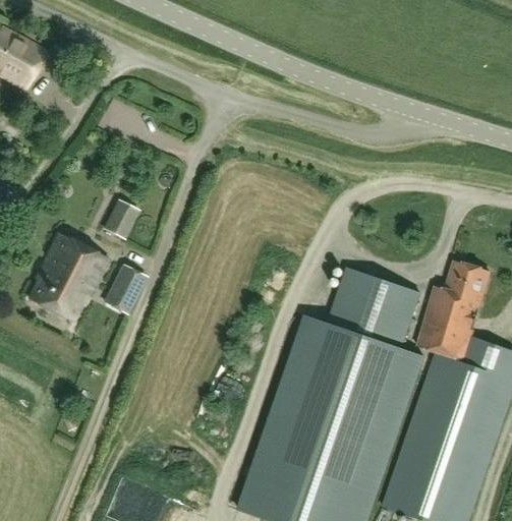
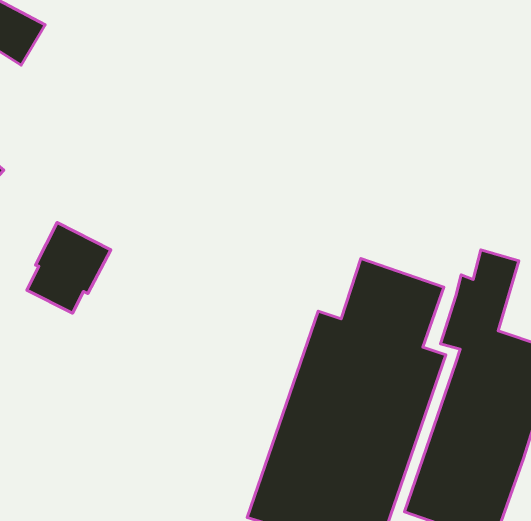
building: [104,201,137,238] -> none
building: [107,264,145,309] -> none

